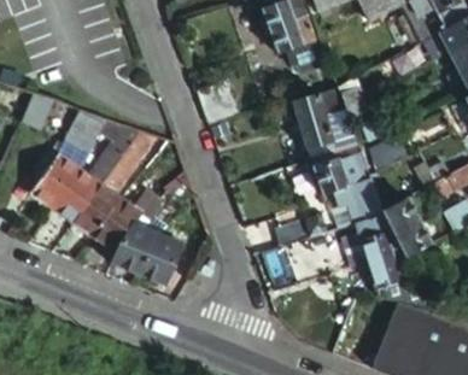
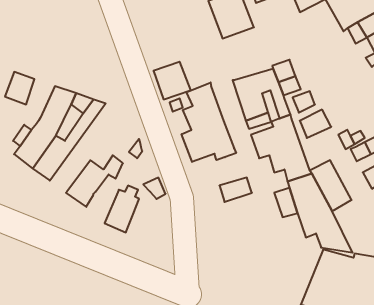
building: none -> [182,82,236,162]
building: [74,130,157,236] -> none
building: [113,215,156,273] -> none

